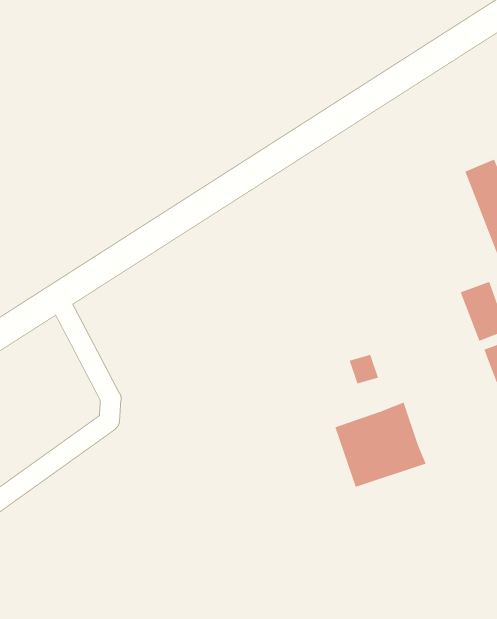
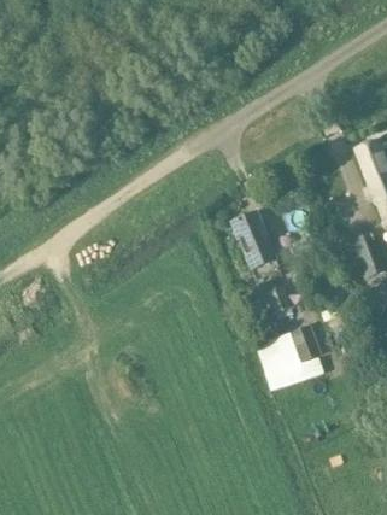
building: none -> [233,211,278,277]

